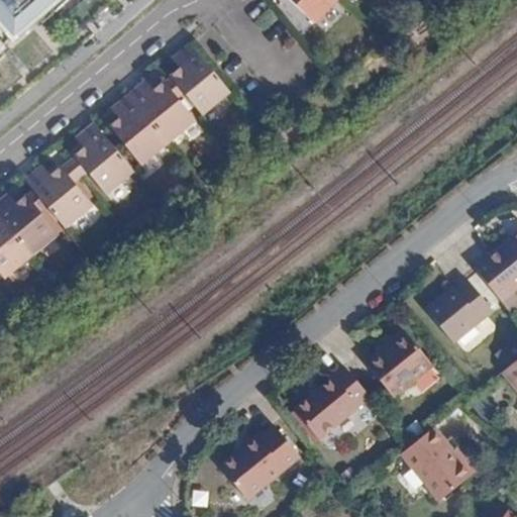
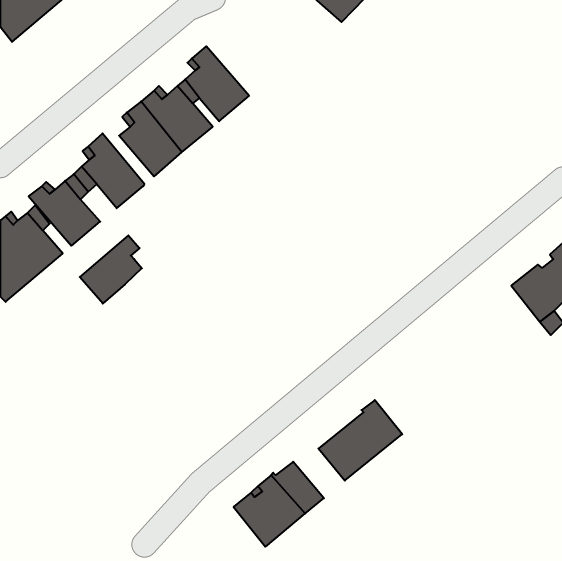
building: none -> [80,235,142,304]
building: [432,286,498,348] -> none
building: [375,339,439,404] -> none
building: [411,434,482,508] -> none

